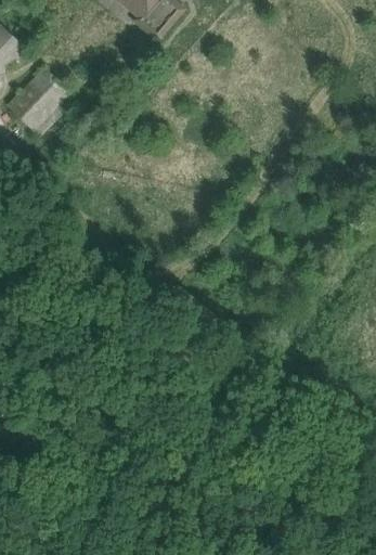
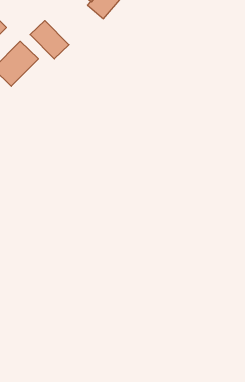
building: none -> [30,21,69,59]

